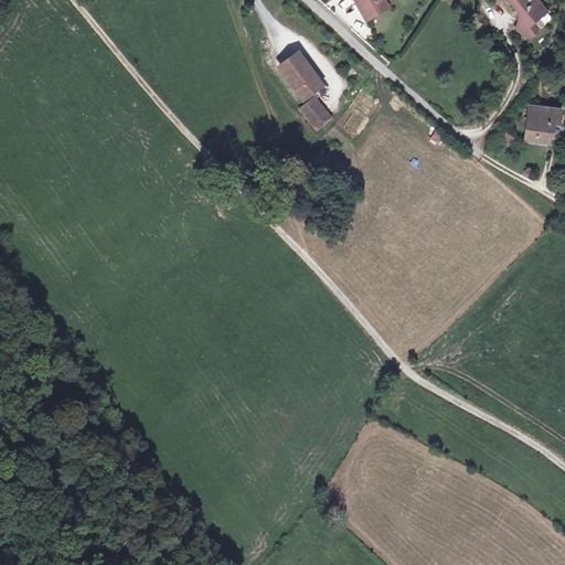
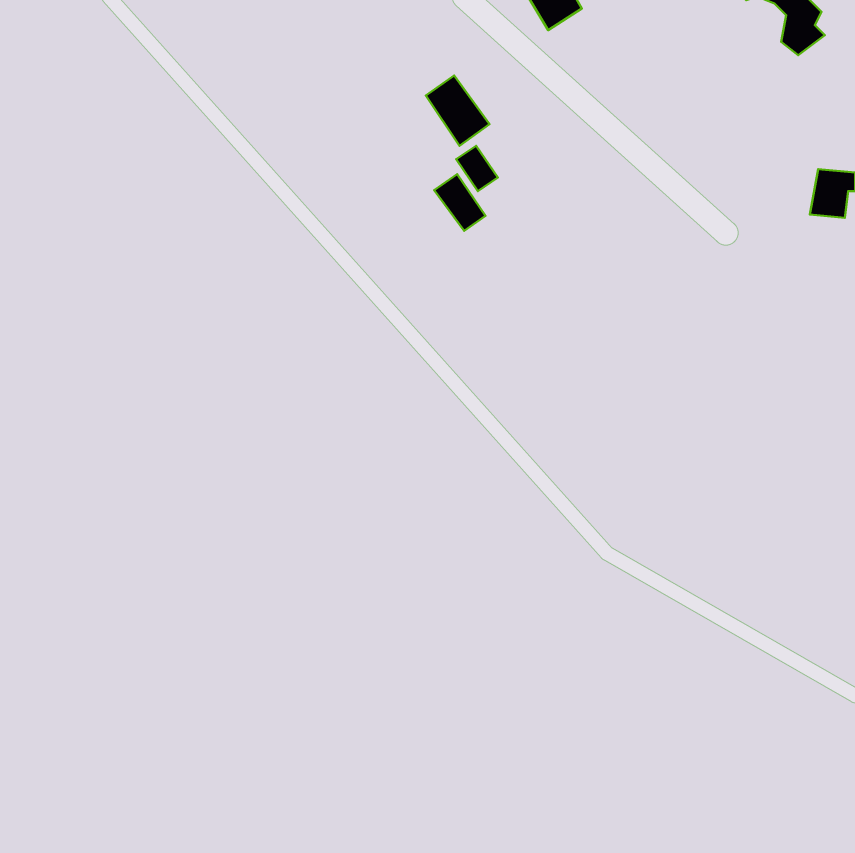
building: none -> [434,174,486,231]

